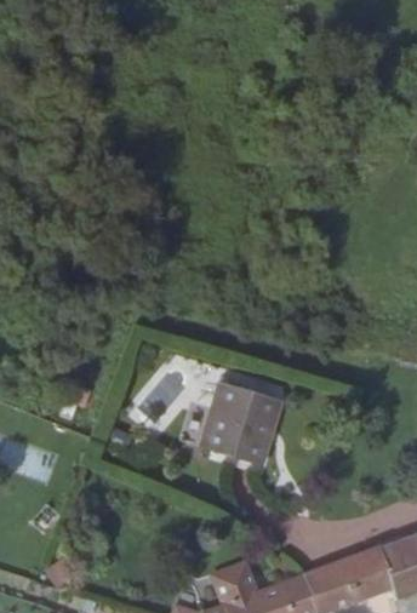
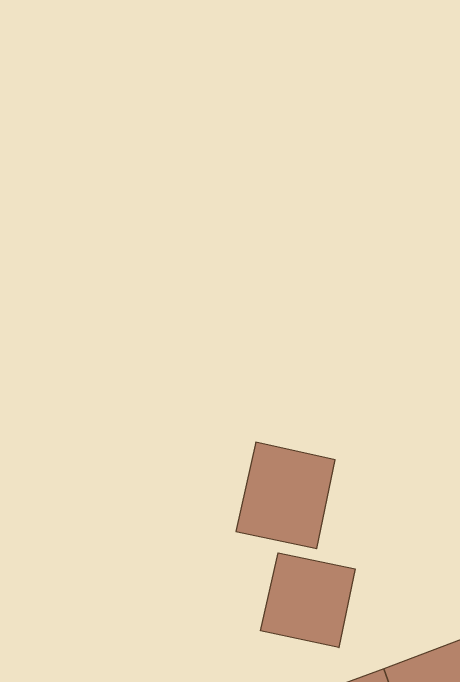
building: none -> [261,553,355,648]

